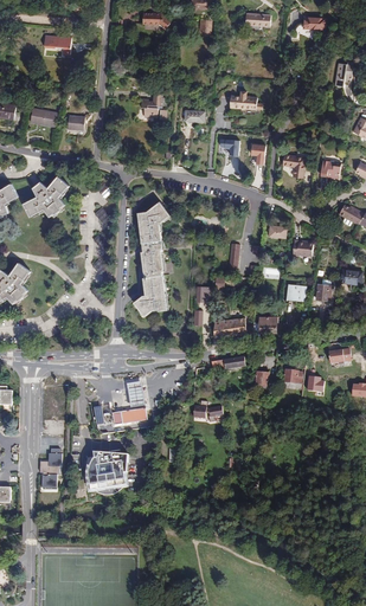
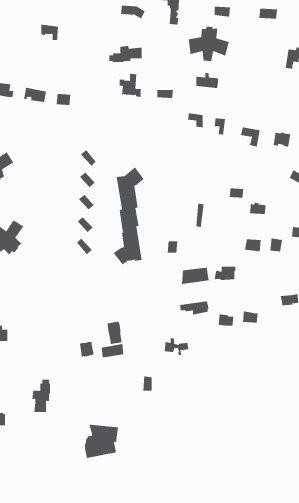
building: none -> [188,26,230,62]
building: none -> [109,45,142,63]
building: [23,175,69,217] -> none
building: [88,451,128,491] -> [84,424,119,459]

